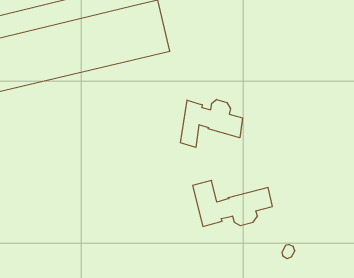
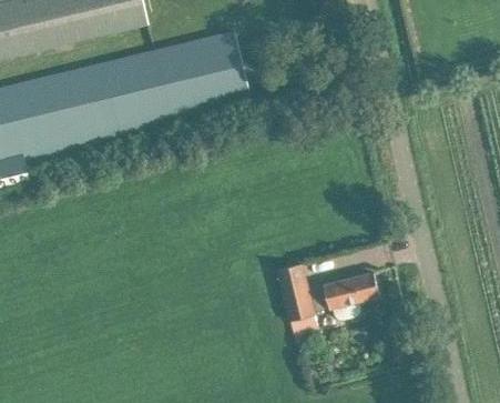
building: [181,99,242,147] -> none

